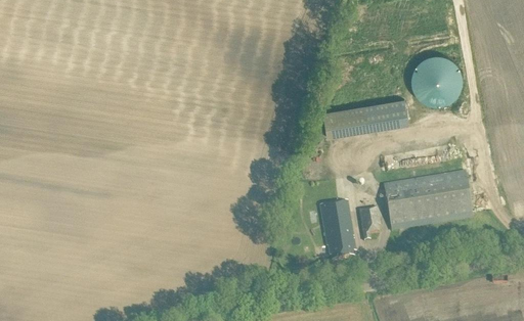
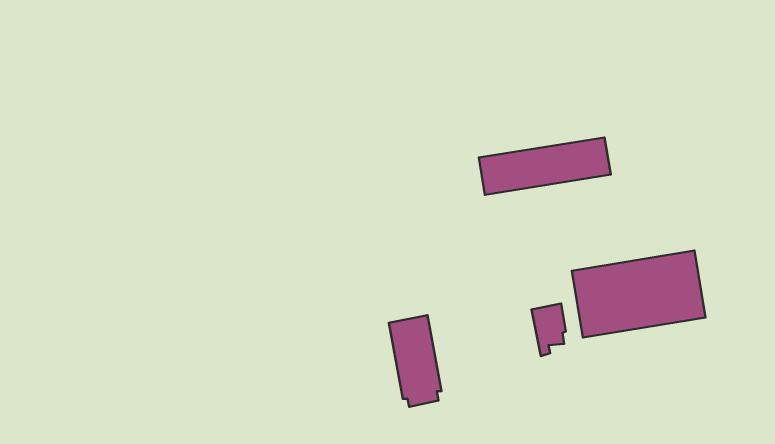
building: [412,53,461,100] -> none
building: [320,201,355,262] -> [389,315,442,407]

